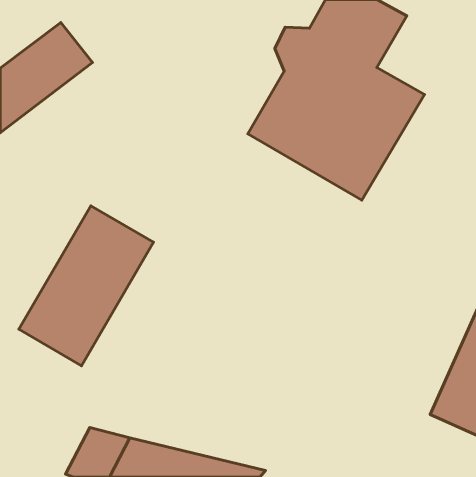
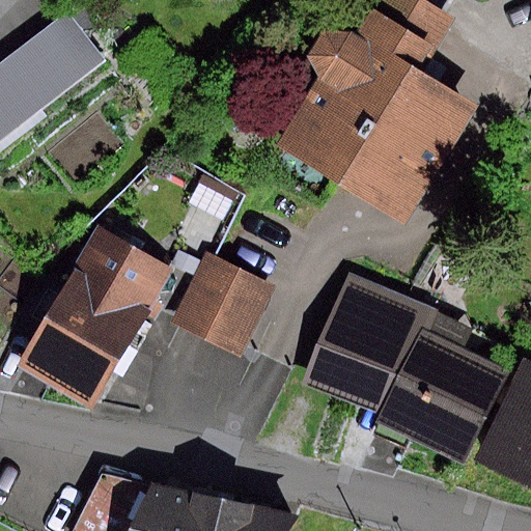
building: none -> [178,254,274,350]
building: none -> [300,271,506,463]

